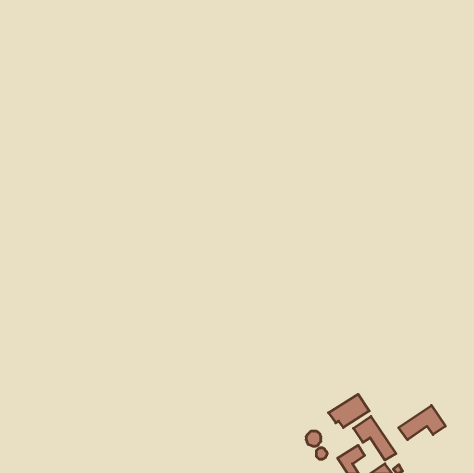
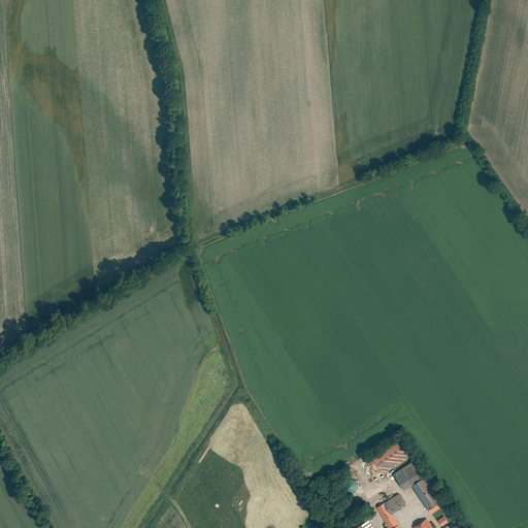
building: [399,405,445,440] -> none

